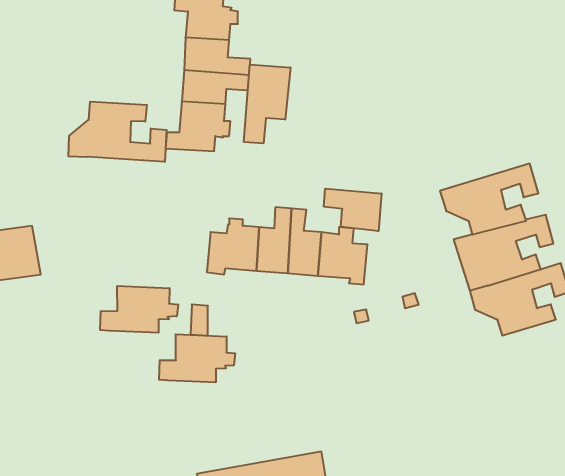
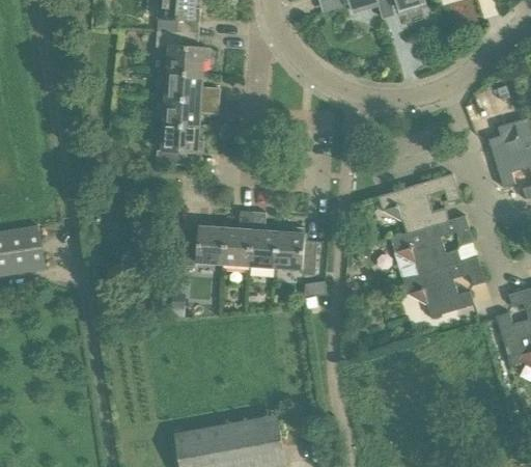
building: [244,64,290,143] -> none
building: [68,102,167,162] -> none
building: [324,189,382,231] -> none
building: [100,286,178,333] -> none
building: [159,334,235,382] -> none

